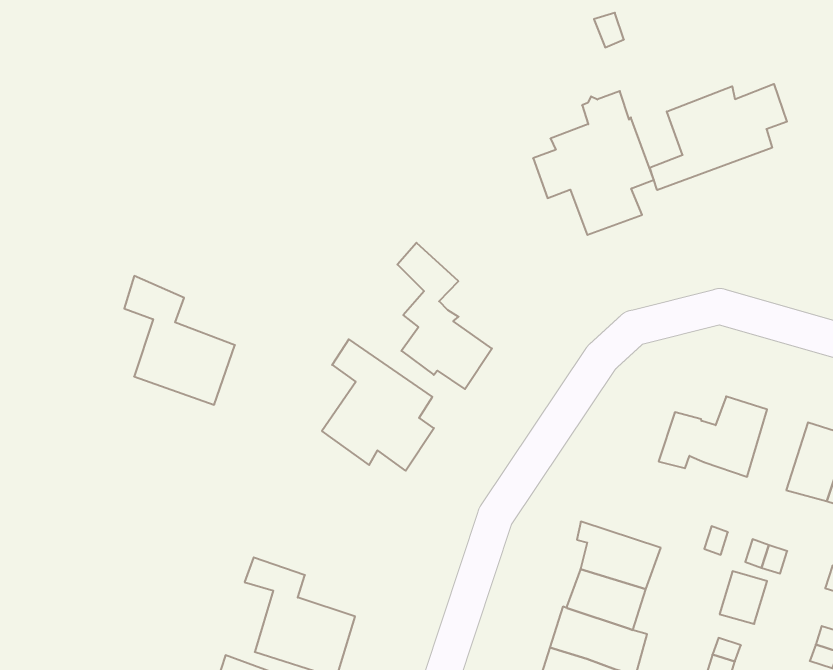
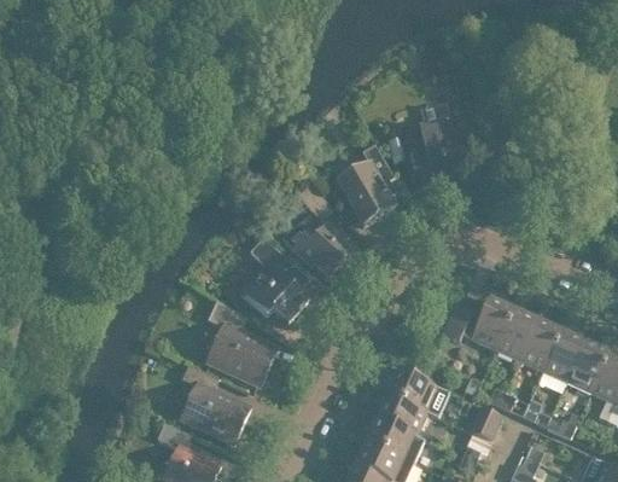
building: [650,84,787,190] -> none
building: none -> [339,146,397,226]
building: [124,276,235,405] -> [209,301,274,385]
building: none -> [497,310,538,361]

